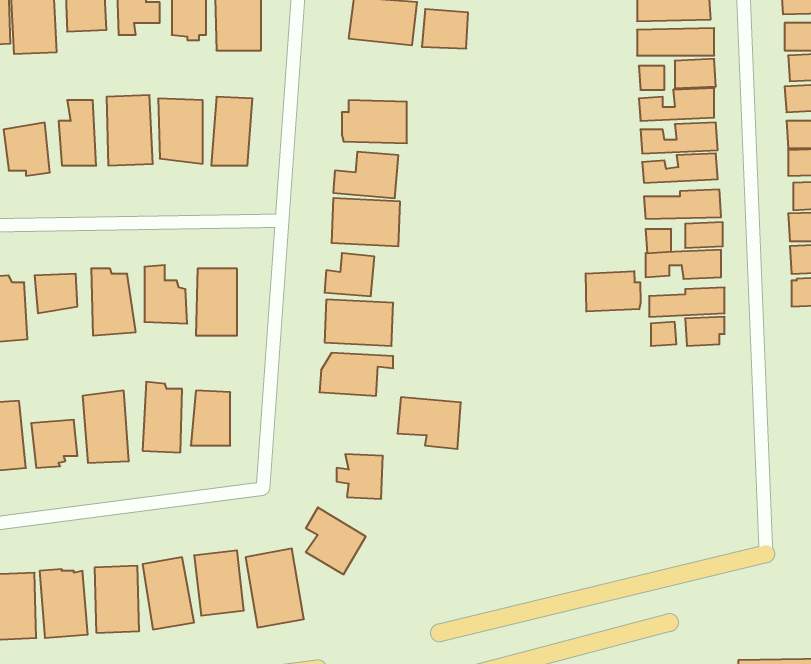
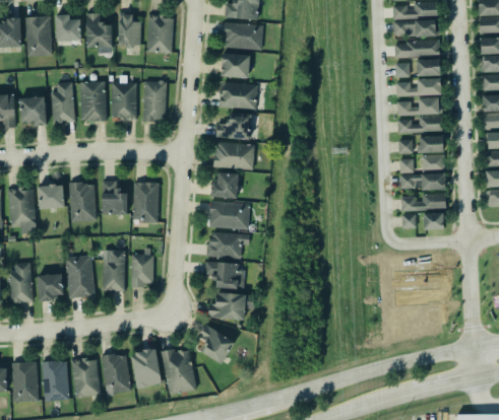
building: [422,9,468,49] -> [222,55,249,78]
building: [586,271,641,312] -> none
building: [397,397,461,449] -> [201,259,239,289]

